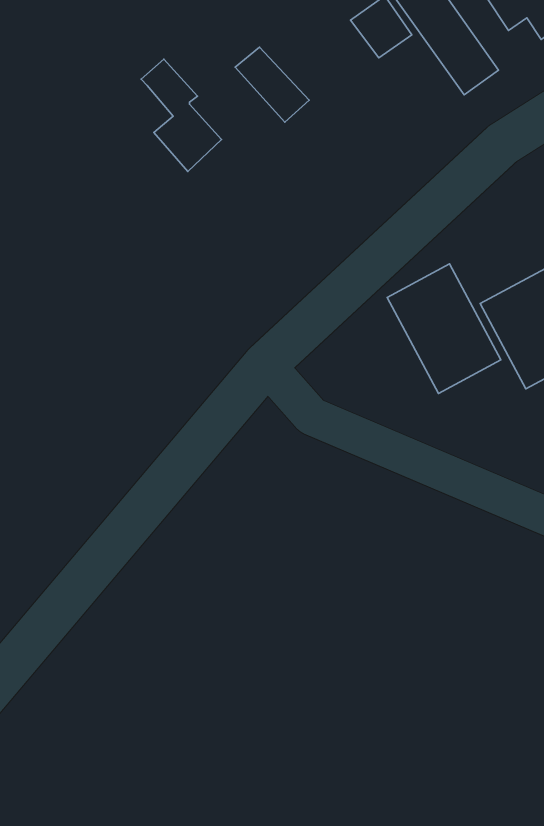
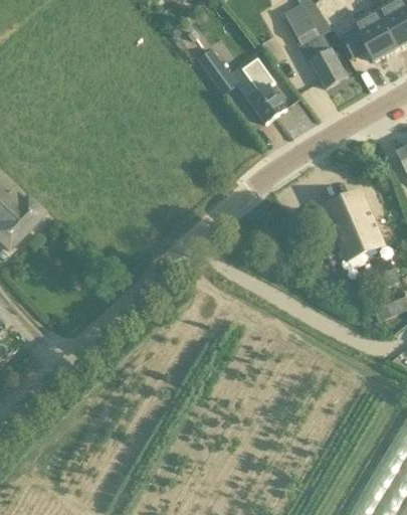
building: [141,59,222,171] -> [243,58,285,124]
building: [387,264,501,393] -> none

